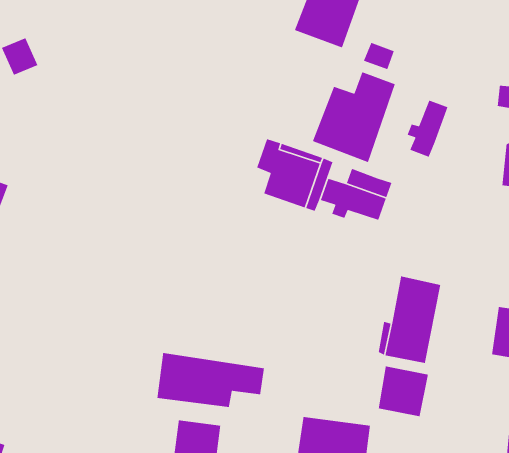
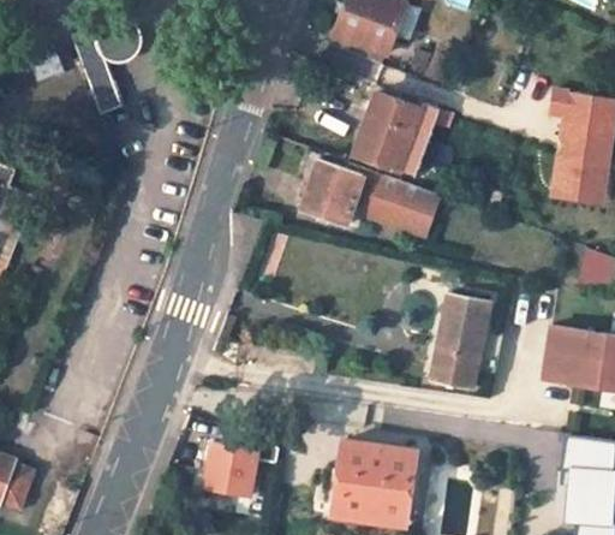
building: none -> [71,23,135,115]
building: [406,99,449,158] -> none
building: [156,352,265,408] -> none
building: [378,365,429,417] -> none

